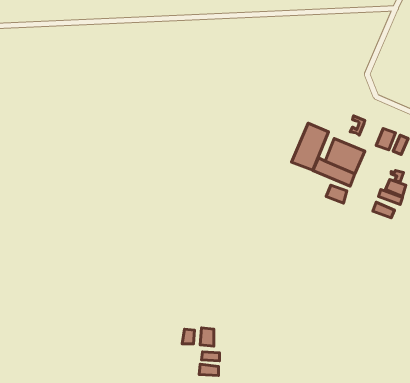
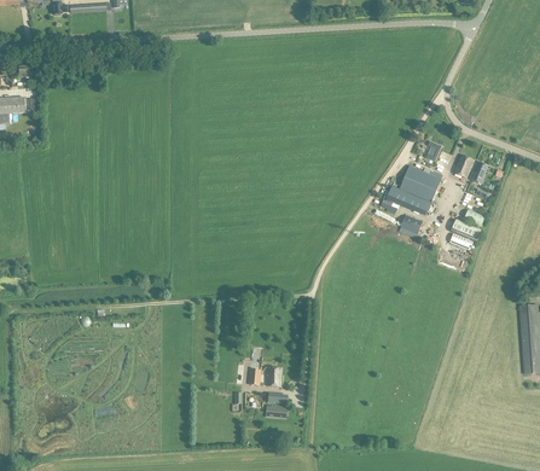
building: [292,123,329,170] -> none

